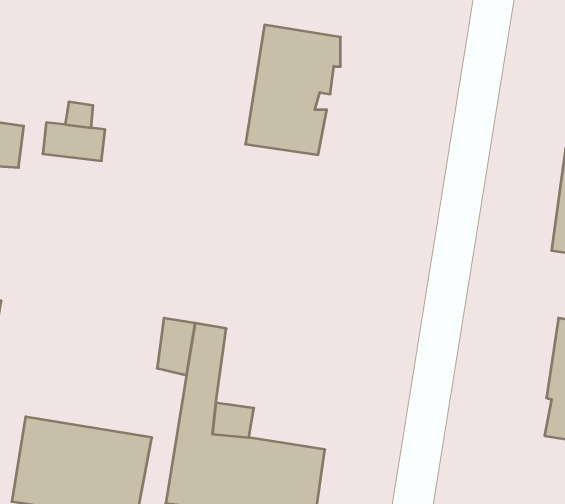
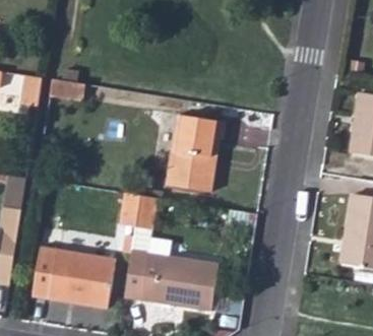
building: [245,25,341,155] -> [166,114,222,190]

